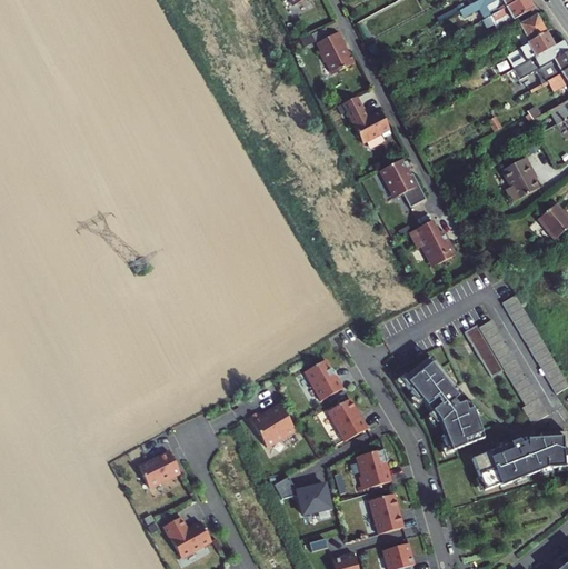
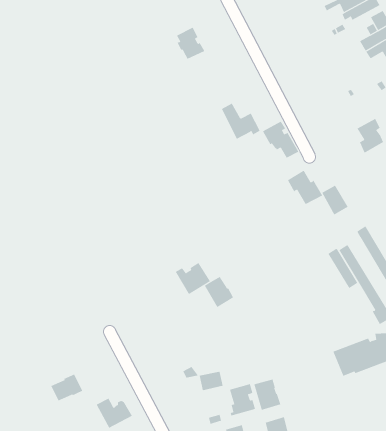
building: [318,32,356,74] -> [176,27,205,60]
building: [341,96,392,143] -> [221,103,261,140]
building: none -> [321,185,349,215]
building: [401,356,485,452] -> none
building: [328,398,369,441] -> none
building: [249,405,296,447] -> [175,262,211,295]
building: [359,448,393,490] -> [229,384,256,416]
building: [139,451,181,487] -> [50,374,83,401]

